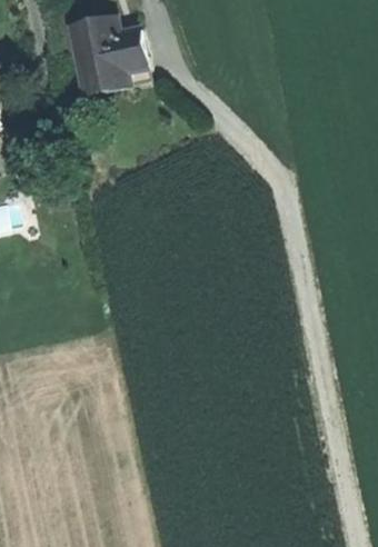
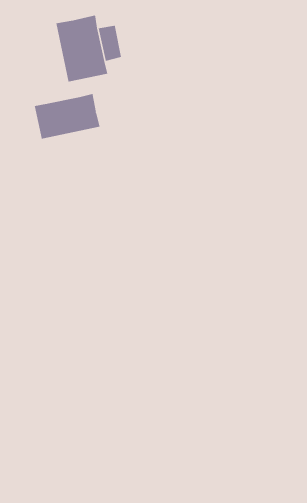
building: none -> [34,93,100,140]

